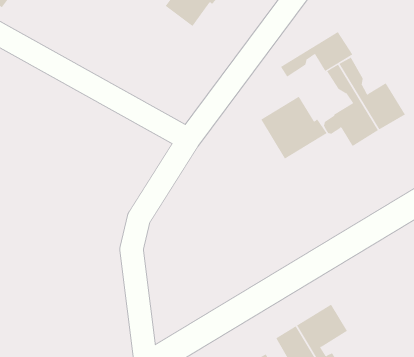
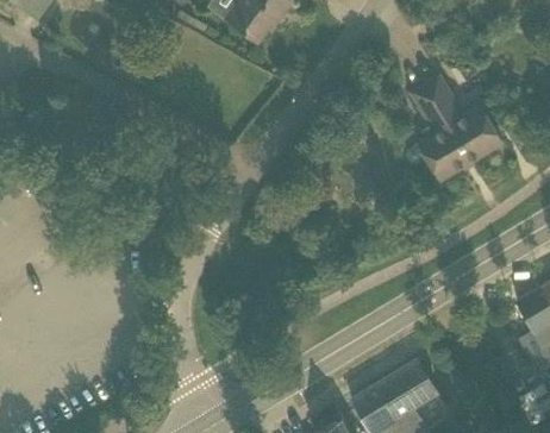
building: [280,31,353,77] -> none
building: [261,96,328,160] -> none

